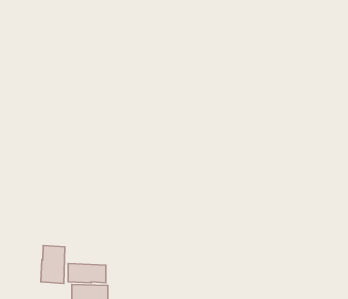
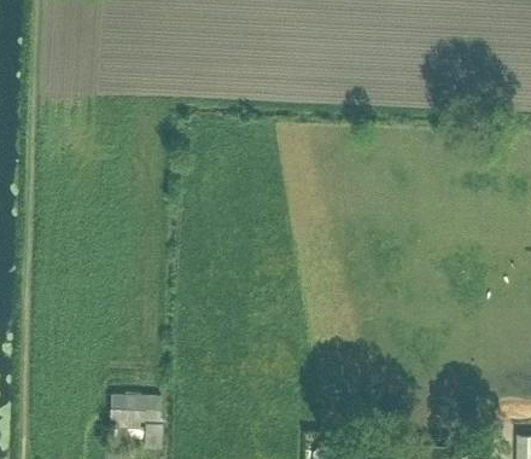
building: [41,245,65,283] -> none

